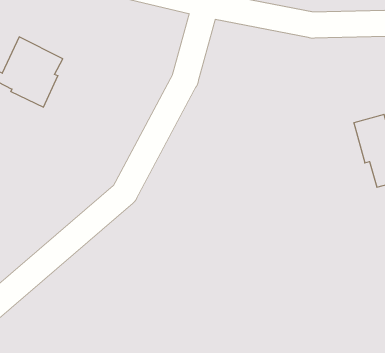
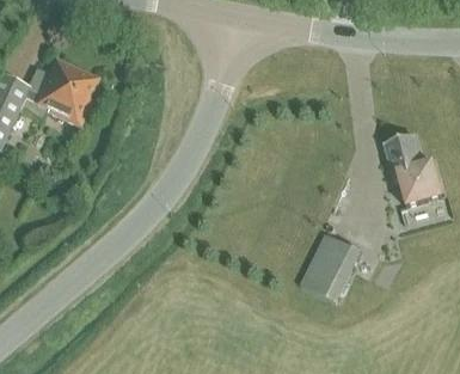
building: none -> [299,233,358,301]

